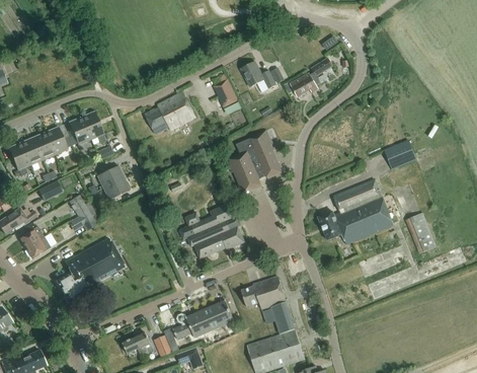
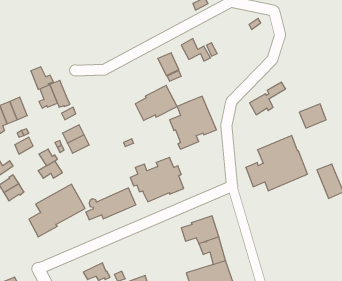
building: [289,58,332,97] -> [250,82,286,115]
building: [144,91,194,134] -> [135,85,177,121]
building: [45,127,72,154] -> [31,67,53,89]
building: [172,300,233,339] -> [86,188,136,220]

